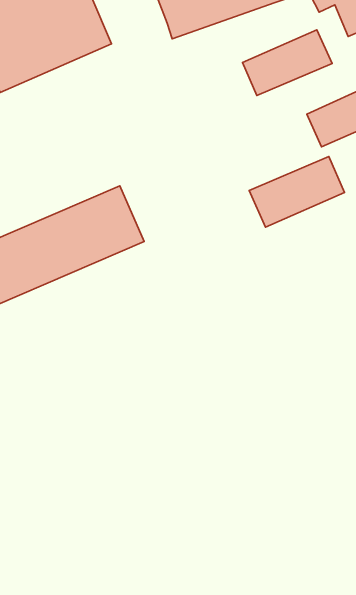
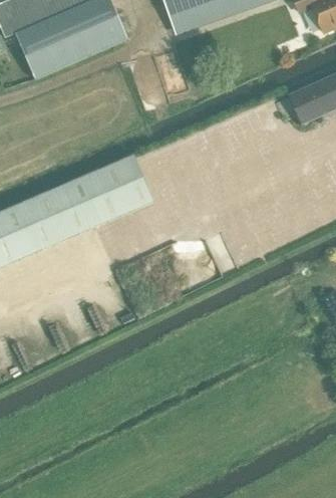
building: [243,30,332,96] -> none
building: [249,157,344,227] -> none

